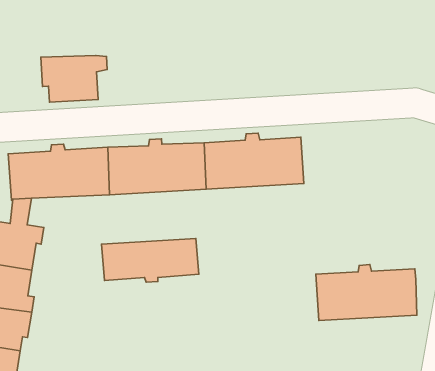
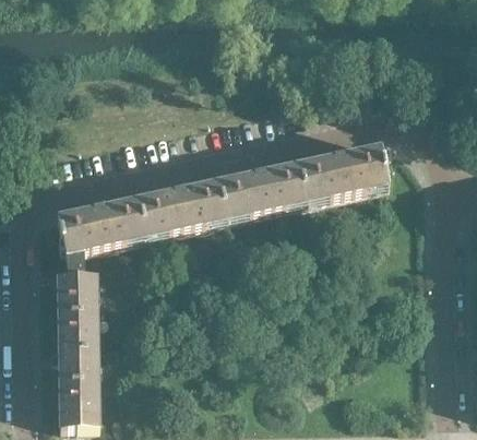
building: [41,56,107,102] -> none
building: [101,239,199,282] -> none
building: [316,264,417,321] -> [299,144,389,200]

